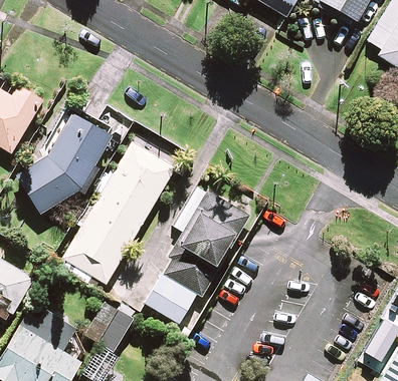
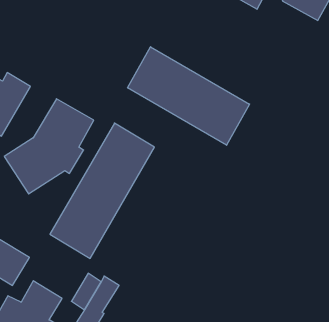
building: none -> [128,47,250,145]
building: [147,186,246,323] -> none

